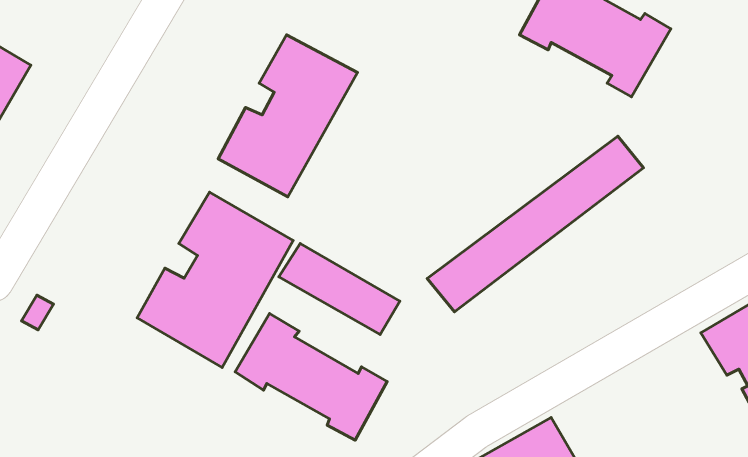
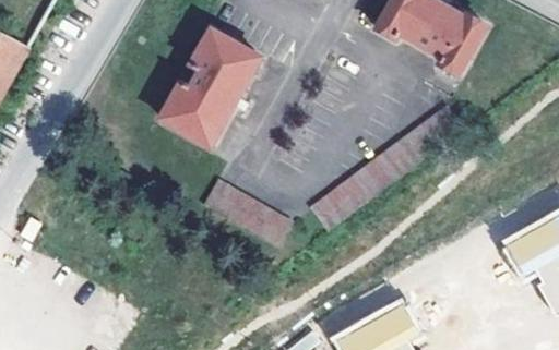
building: [137,192,293,368] -> none
building: [235,314,387,440] -> none

